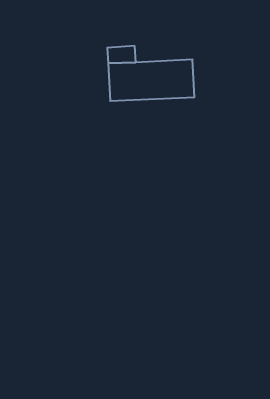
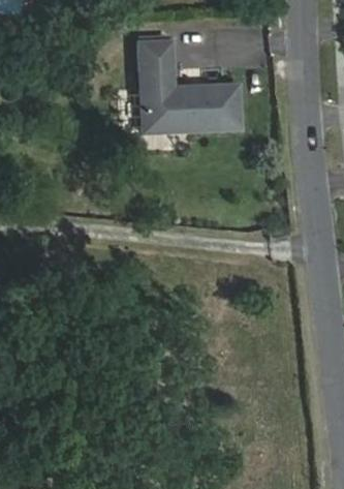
building: none -> [139,41,171,71]

